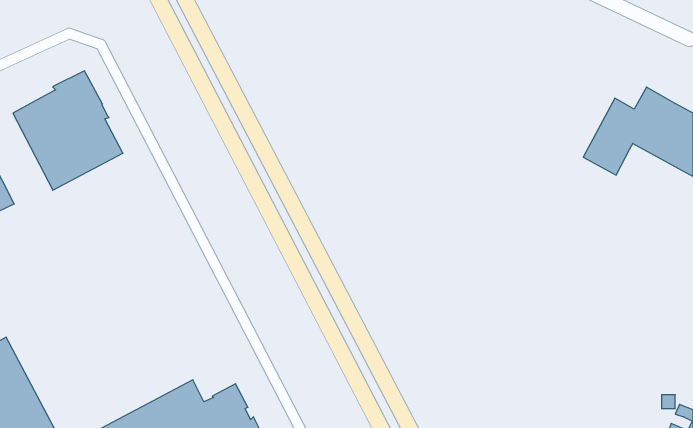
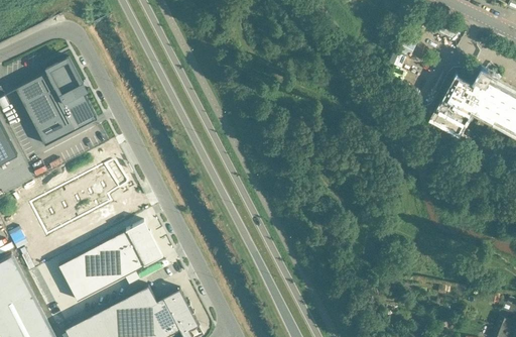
building: none -> [29,159,127,235]
building: none -> [58,219,160,300]

